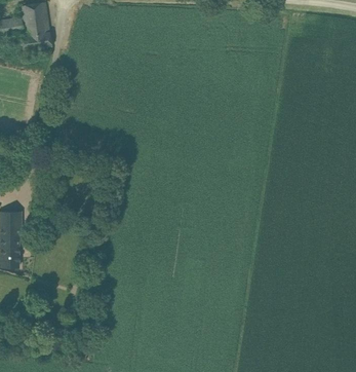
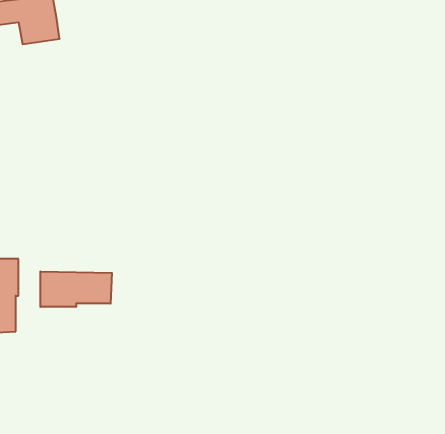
building: none -> [40,271,112,307]

